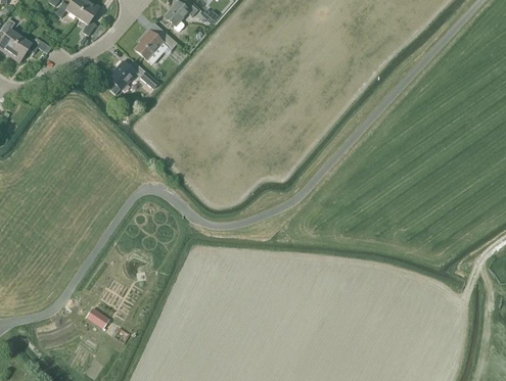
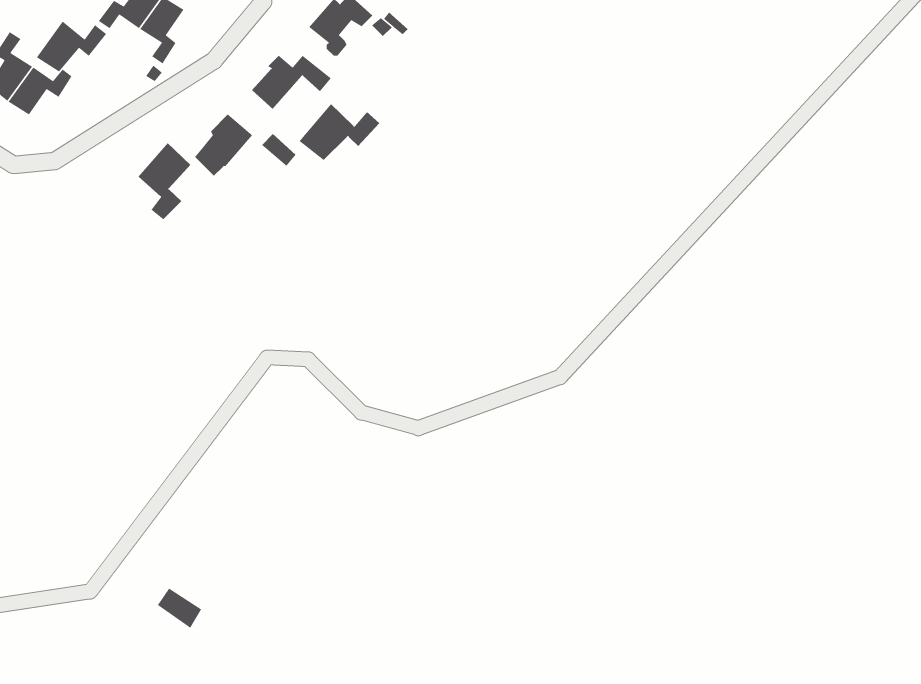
building: none -> [36,21,107,73]
building: none -> [298,103,380,161]
building: none -> [137,142,191,220]

